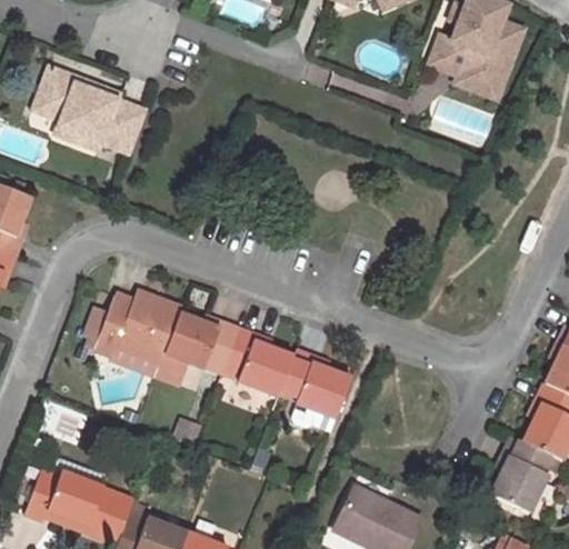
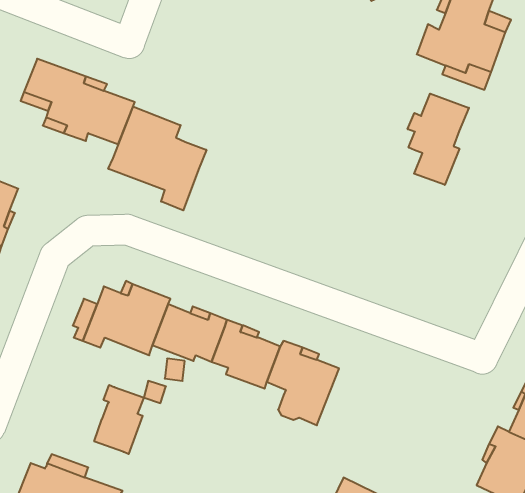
building: none -> [408,94,469,185]
building: none -> [108,107,206,210]
building: none -> [94,385,144,454]

